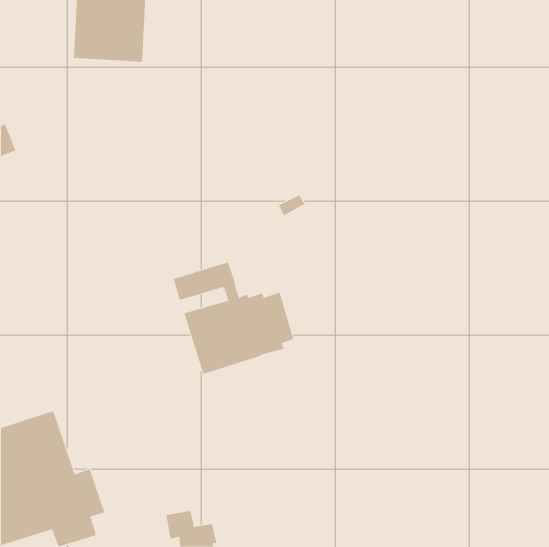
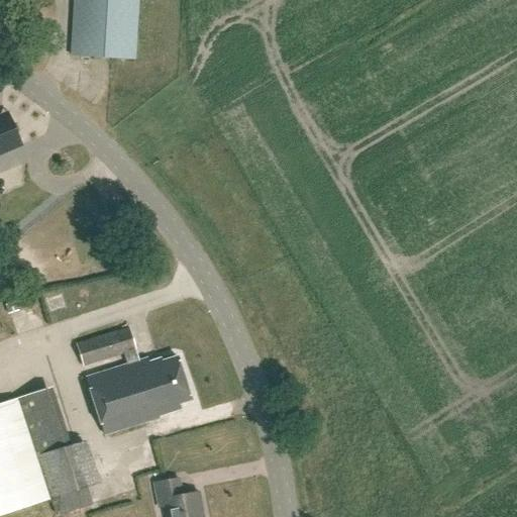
building: [173,262,294,375] -> [77,329,191,435]

